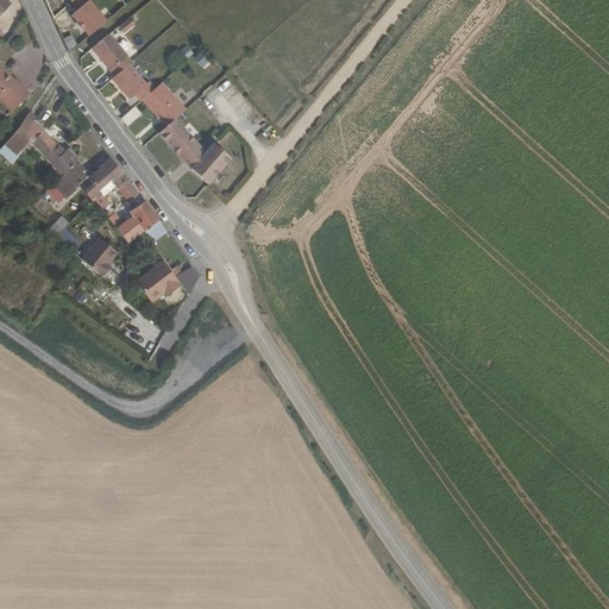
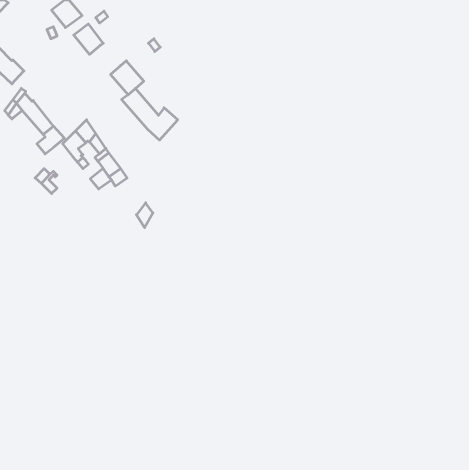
building: [112,59,156,99] -> none
building: [79,239,117,277] -> none
building: [132,262,178,306] -> none

